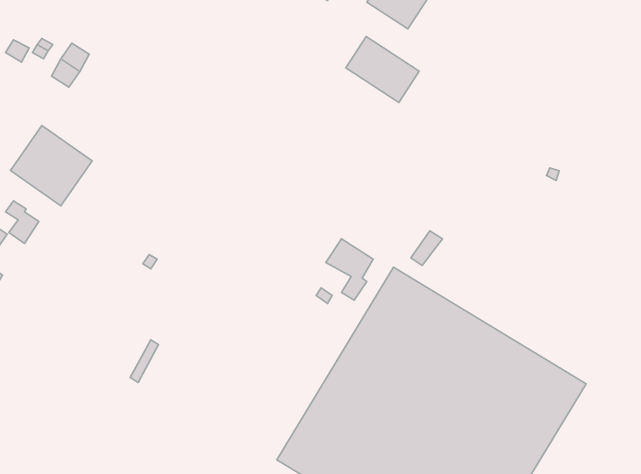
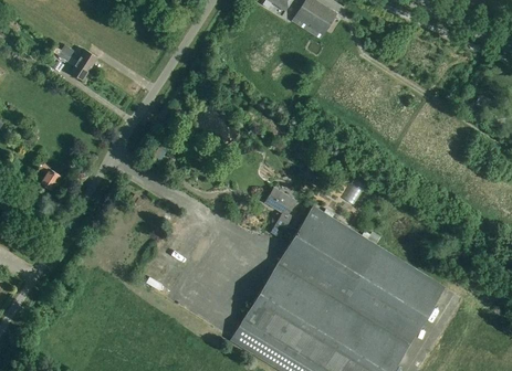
building: [346,36,419,102] -> none
building: [10,126,92,206] -> none

